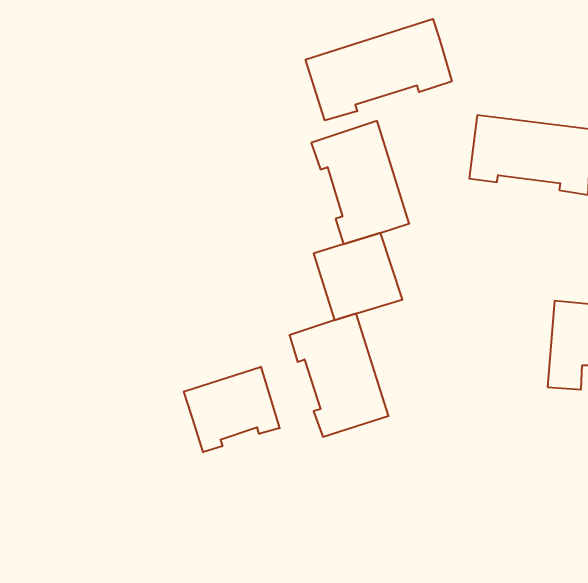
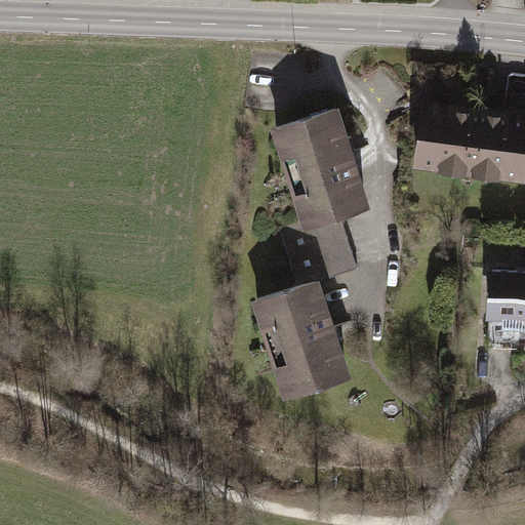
building: [306,19,452,120] -> none
building: [184,367,280,452] -> none

